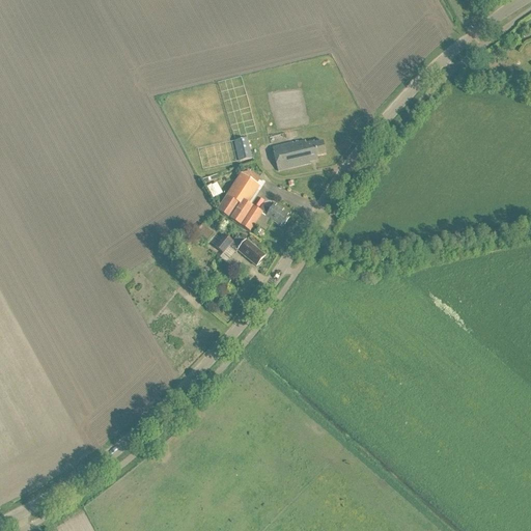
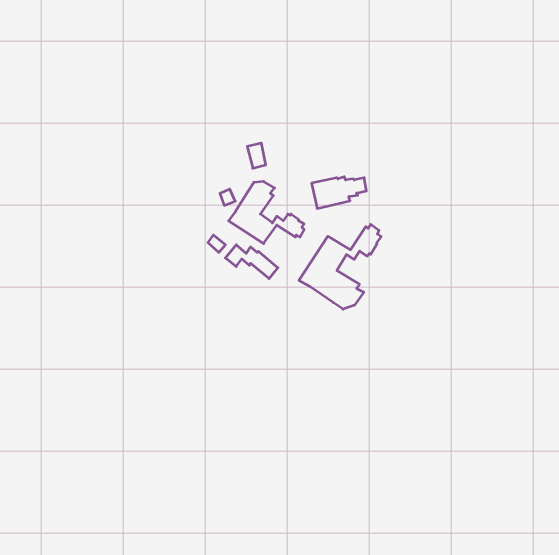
building: [271,140,323,170] -> [312,177,366,208]
building: none -> [299,224,381,309]

